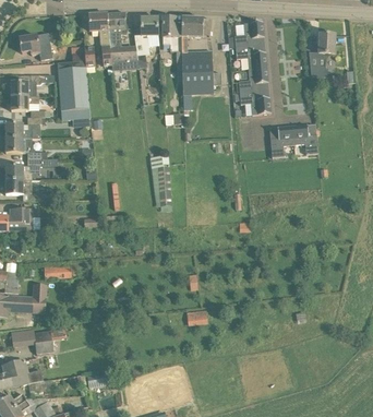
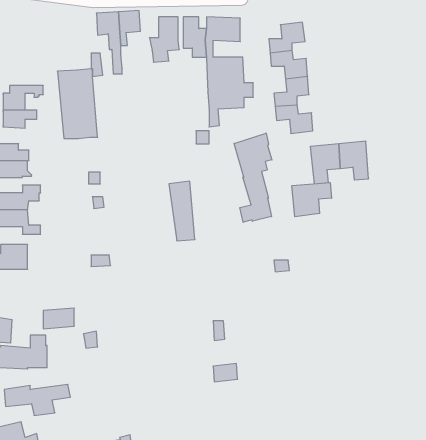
building: [19,32,52,59] -> none
building: [308,33,335,68] -> none
building: [109,45,137,69] -> none
building: none -> [234,133,272,222]
building: none -> [292,183,332,217]

